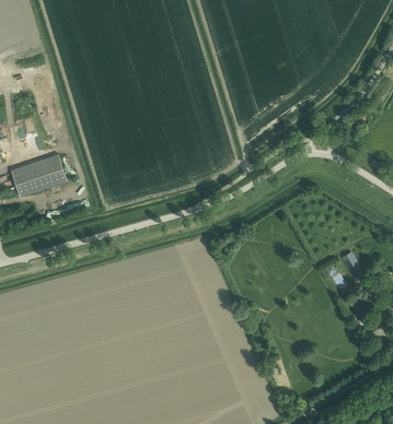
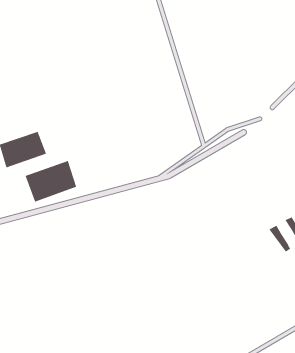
building: none -> [25,160,77,202]

